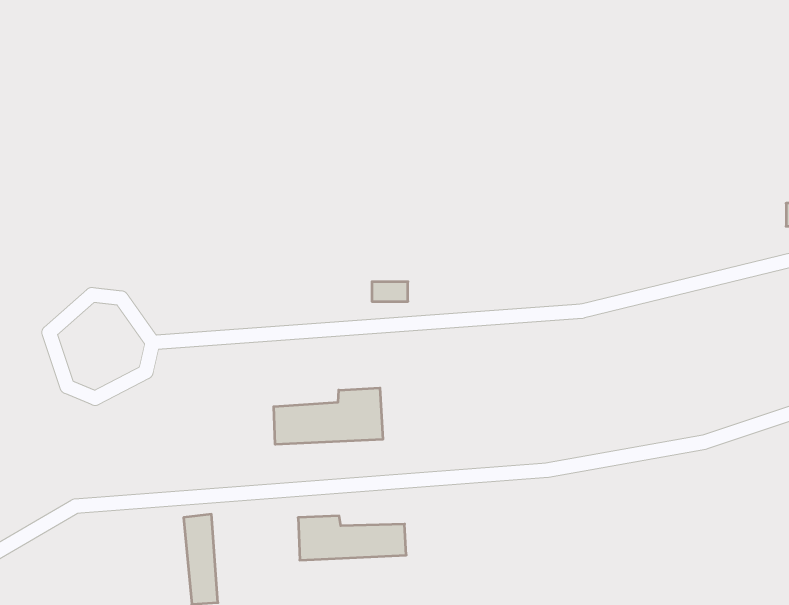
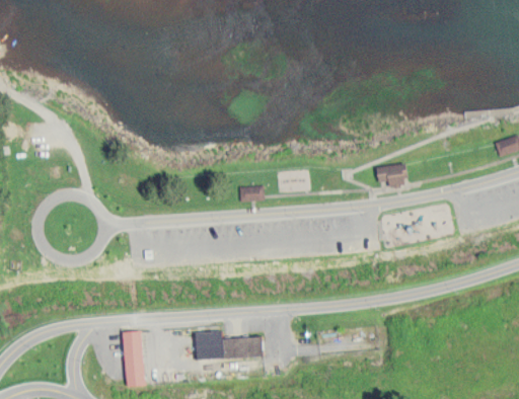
building: none -> [374,162,410,191]
building: [274,388,383,444] -> none

